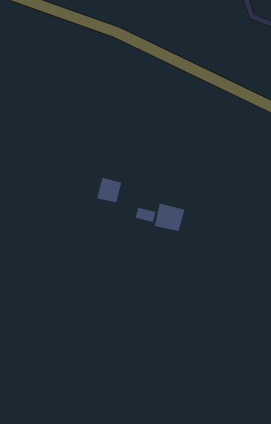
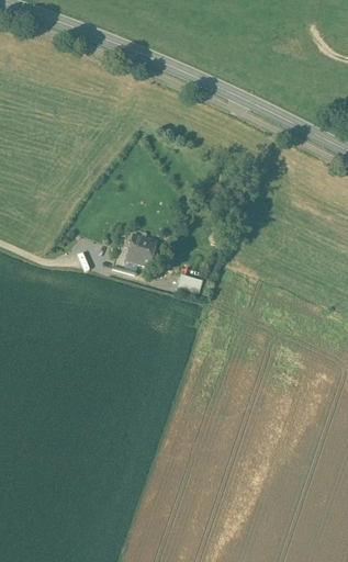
building: [154,203,185,232] -> none

